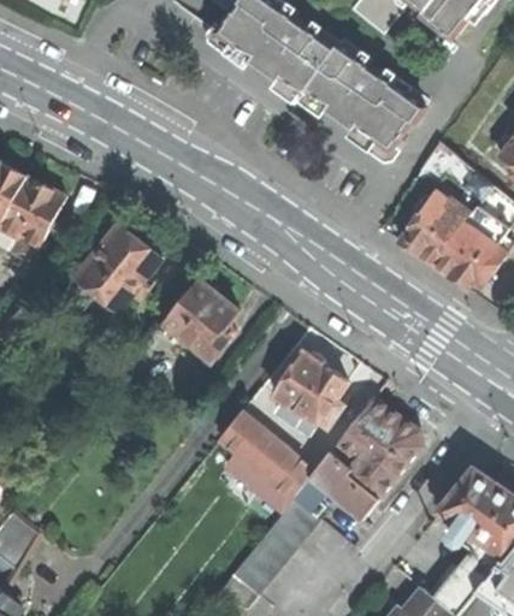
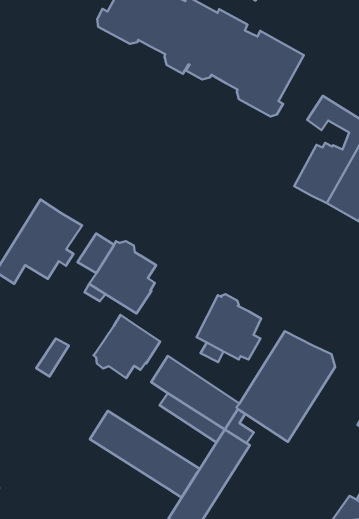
building: none -> [94,315,160,378]
building: none -> [90,411,200,497]

